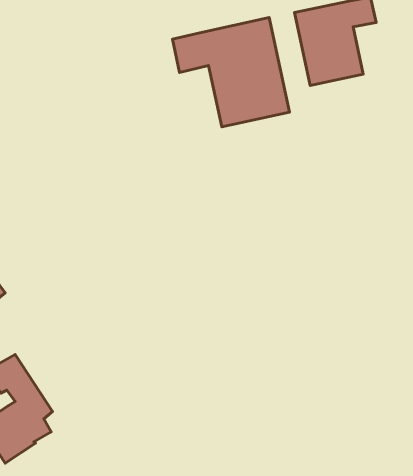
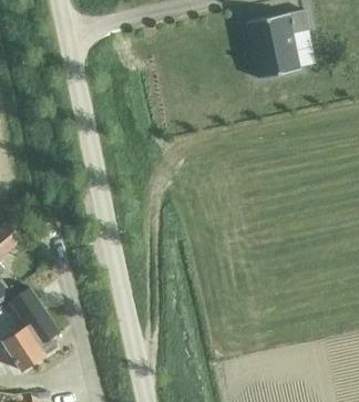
building: [172,17,290,127] -> none

